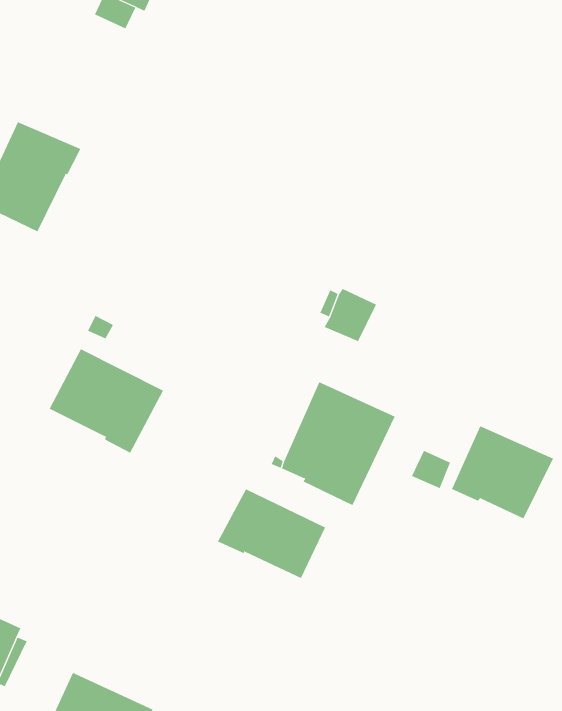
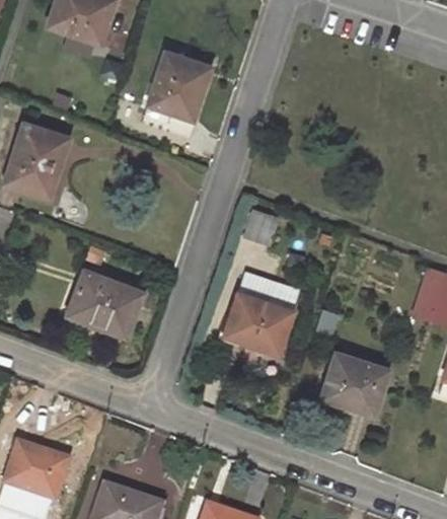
building: none -> [143,52,209,135]
building: [451,425,554,519] -> [321,353,387,412]
building: [217,488,326,579] -> none

